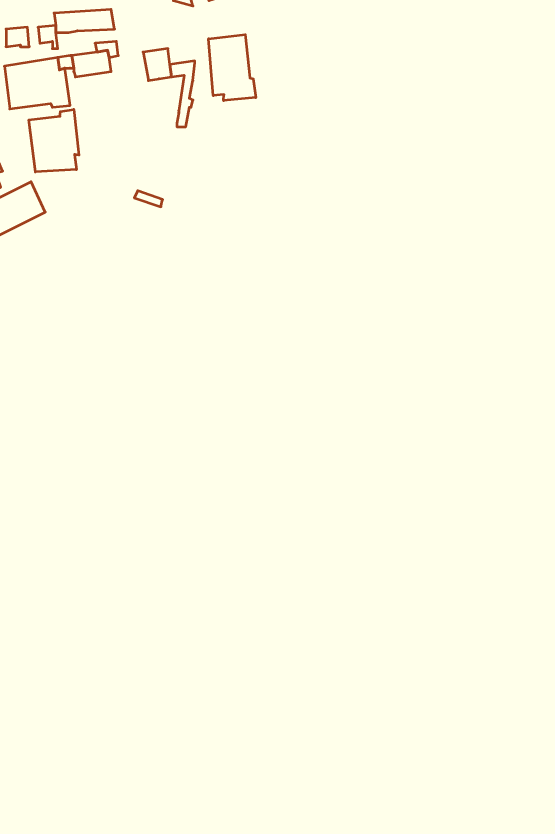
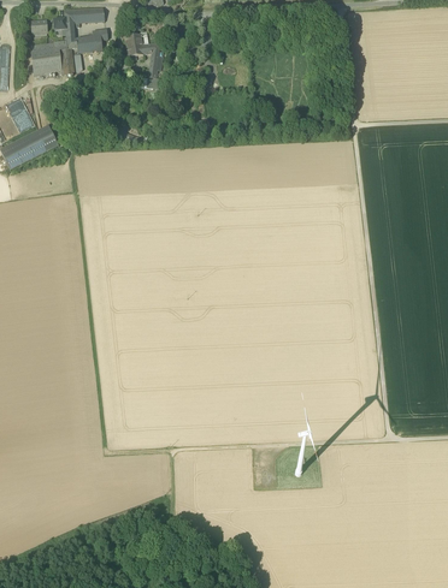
building: [209,35,256,101] -> none
building: [29,109,79,172] -> none

